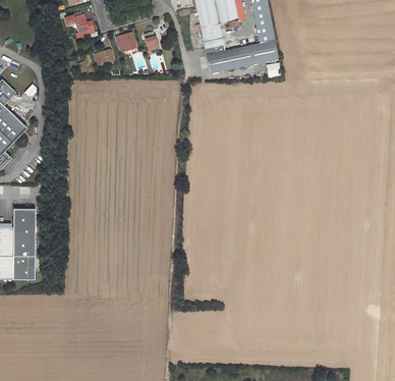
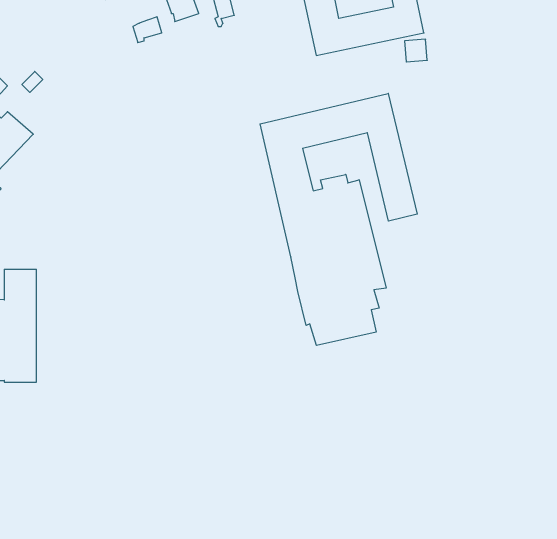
building: none -> [260,93,417,345]

